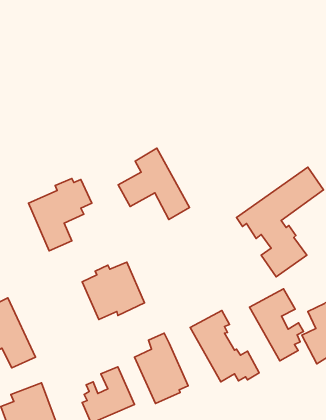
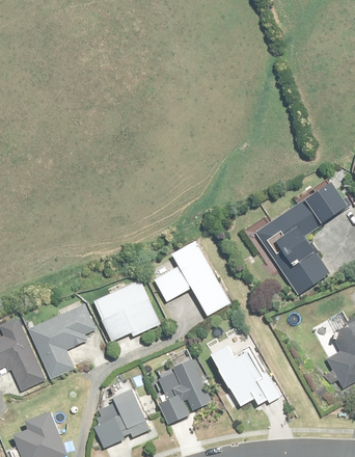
building: [118,148,190,220] -> [154,241,228,316]
building: [28,179,92,251] -> [29,303,95,379]
building: [249,289,303,361] -> none

